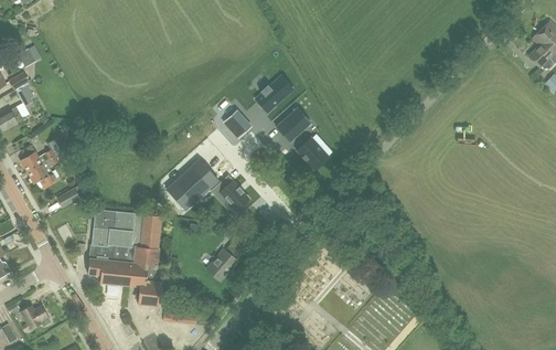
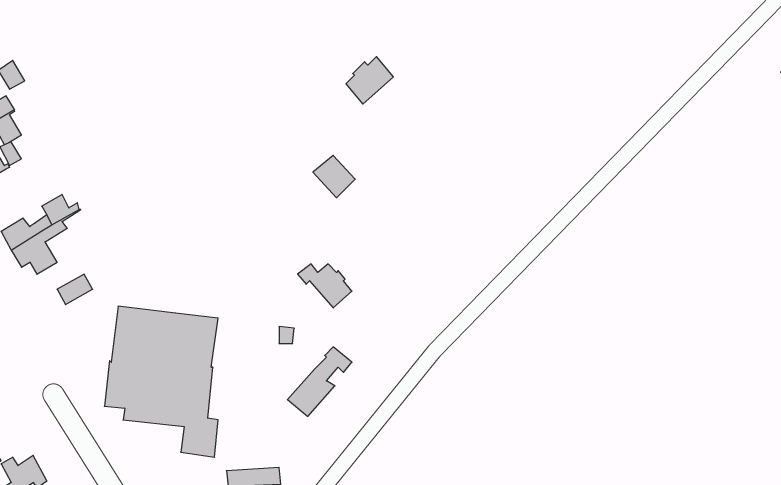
building: [254,78,285,109] -> [346,57,393,104]
building: [276,107,311,141] -> none
building: [297,137,329,169] -> none
building: [167,159,218,210] -> none

